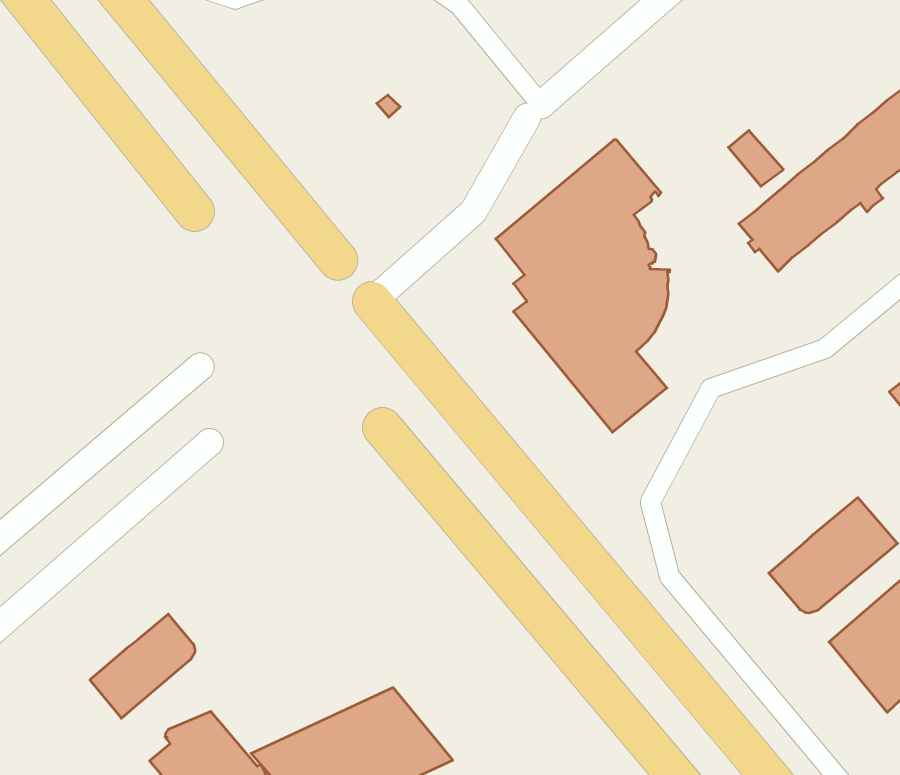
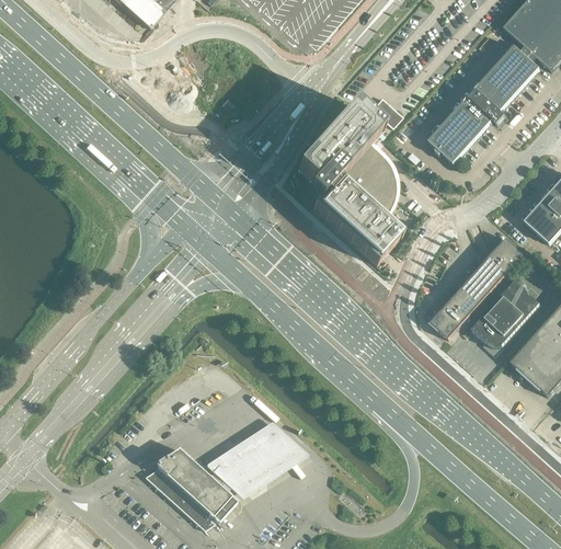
building: [728,130,783,186] -> [371,96,403,126]
building: none -> [435,237,525,338]
building: [90,614,195,718] -> none

